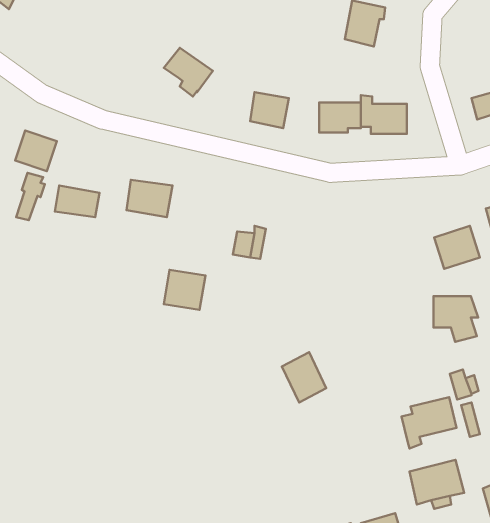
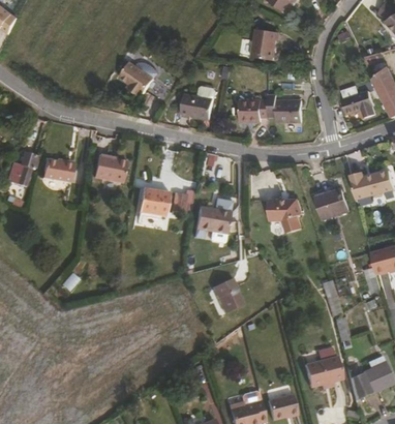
building: [15,131,57,171] -> none
building: none -> [196,209,232,234]
building: [164,270,205,310] -> [141,187,171,216]
building: [434,296,478,342] -> [269,199,301,232]
building: [402,397,457,448] -> none

